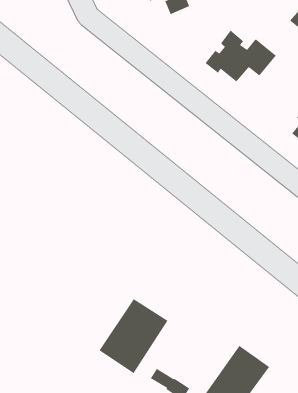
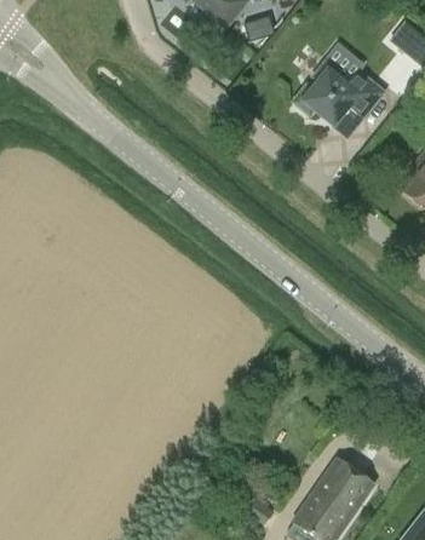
building: [98,298,169,374] -> none

